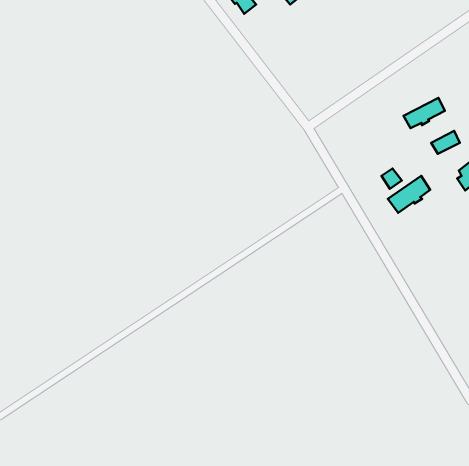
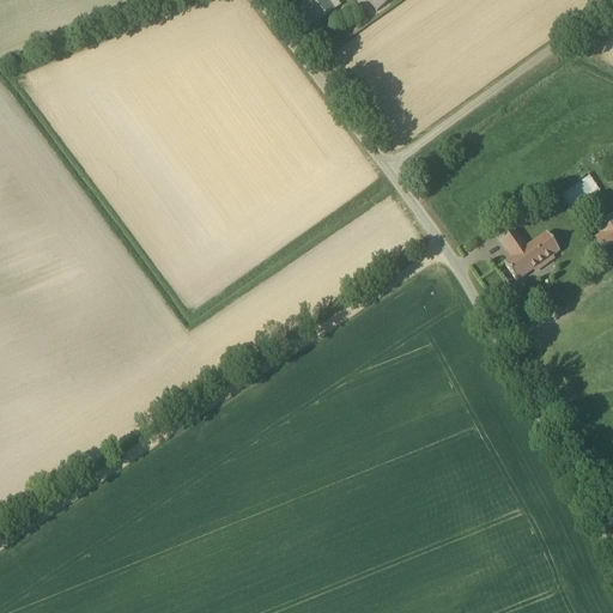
building: [404,98,445,128] -> none

